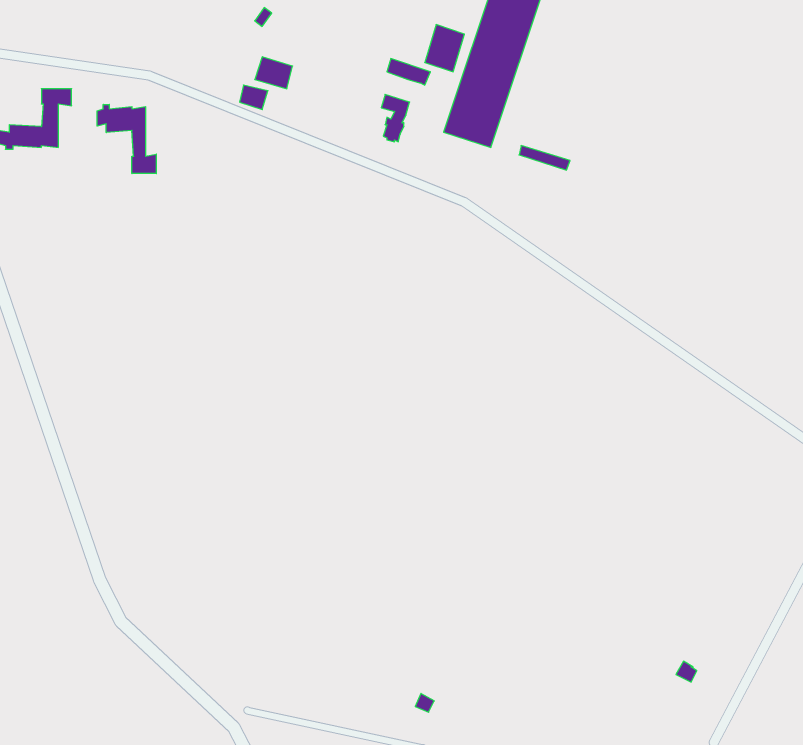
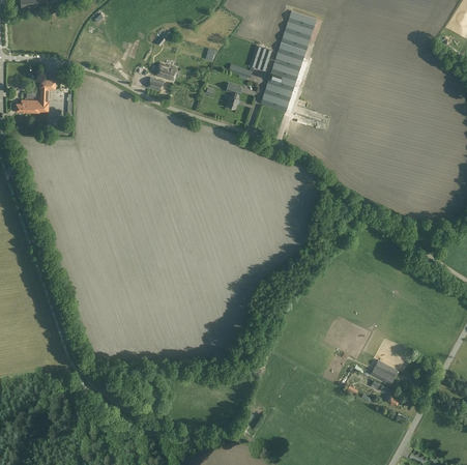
building: [97,104,156,174] -> none
building: none -> [370,359,399,385]

